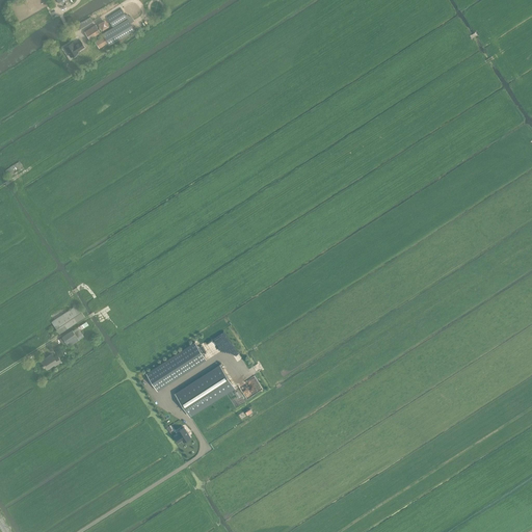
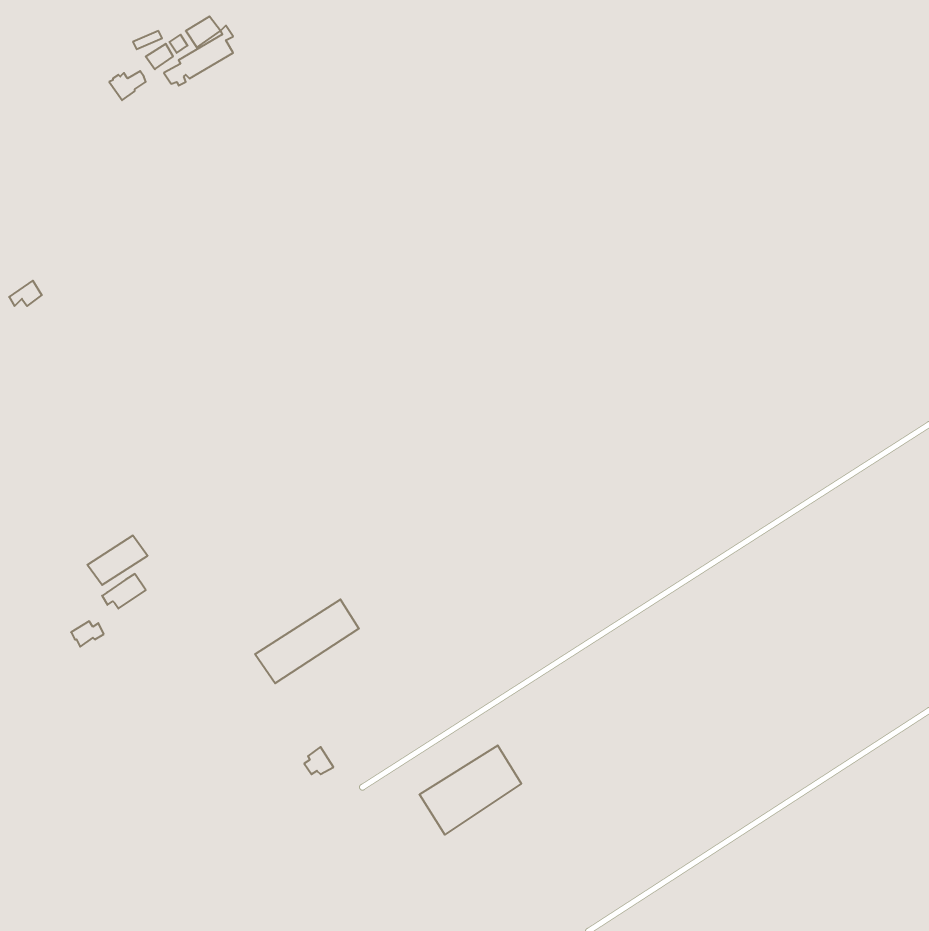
building: [175,365,233,416] -> [419,745,521,835]

